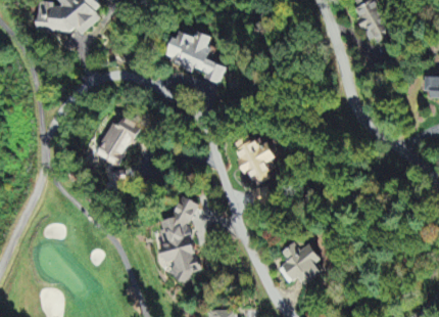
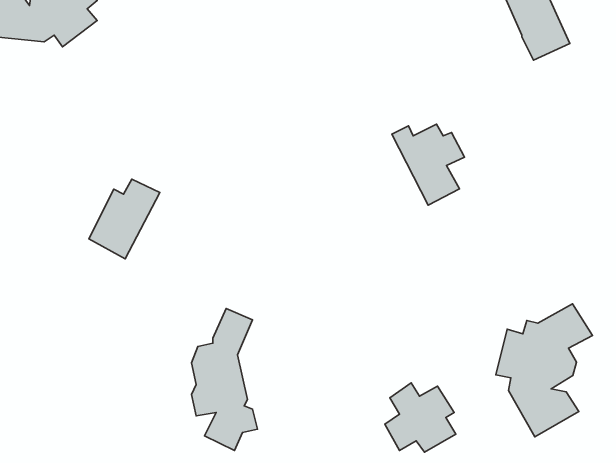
building: [165,29,225,83] -> none
building: [231,137,276,187] -> [392,124,465,205]
building: none -> [496,304,593,437]

